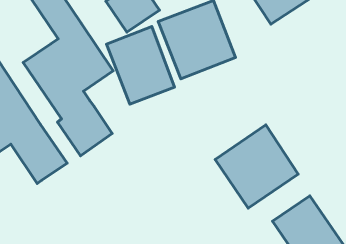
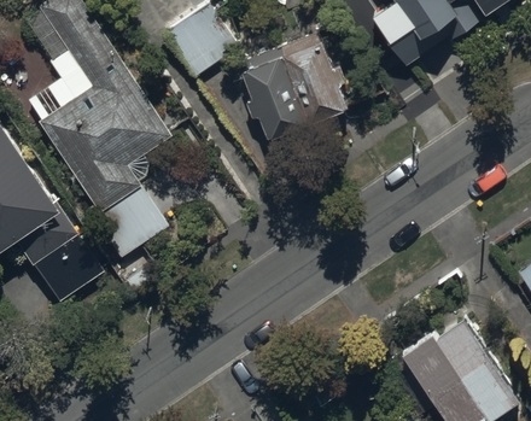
building: [107,27,174,104] -> none
building: [215,125,298,208] -> none

